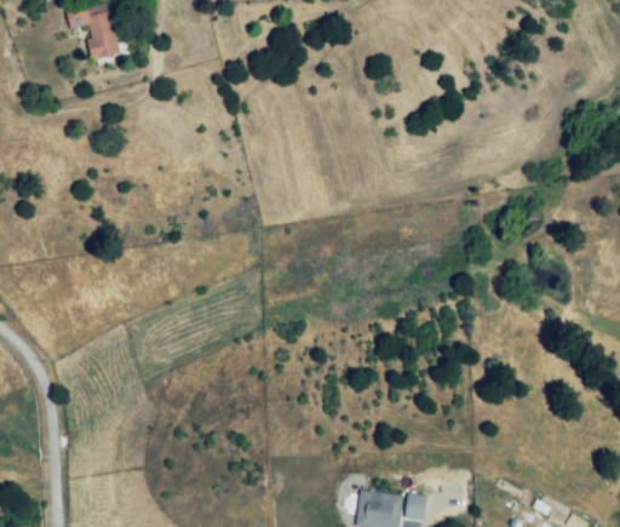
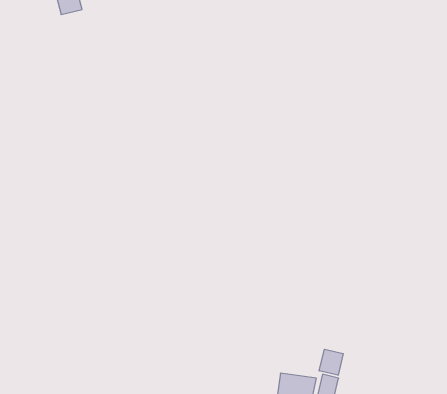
building: none -> [319,349,343,375]

